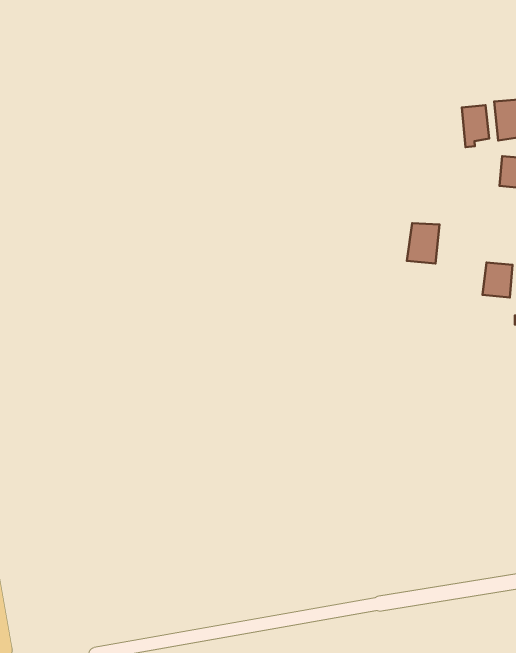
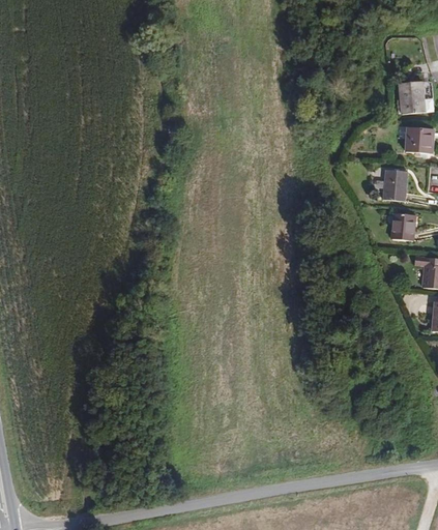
building: [462,105,489,147] -> none
building: [407,223,439,263] -> [382,169,408,201]

